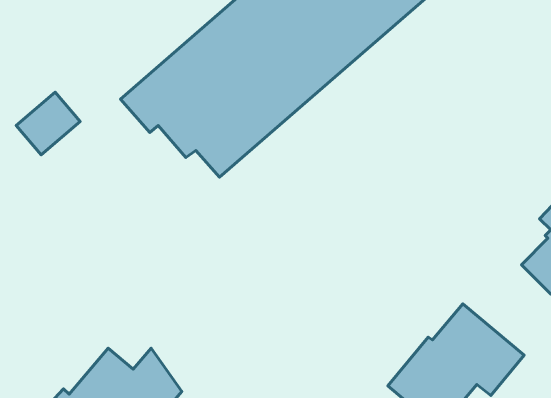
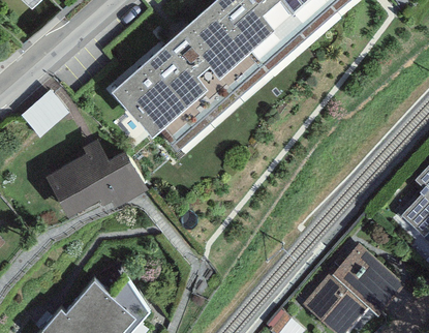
building: none -> [48,139,148,214]

